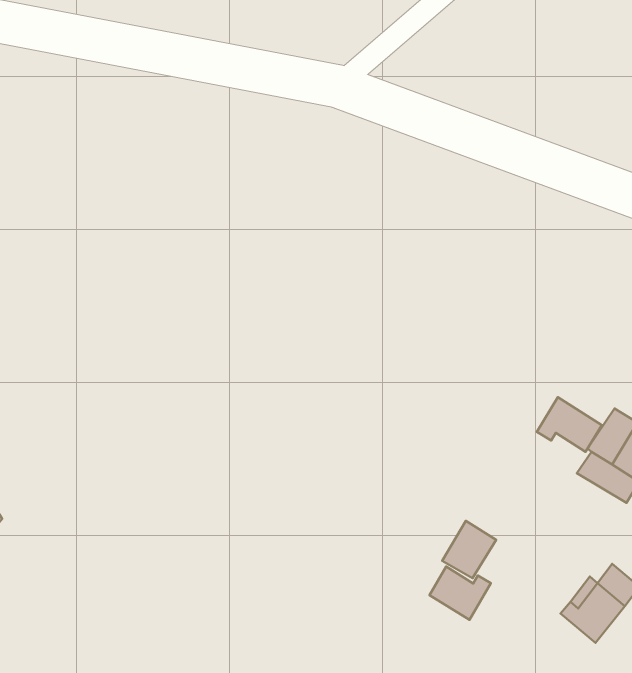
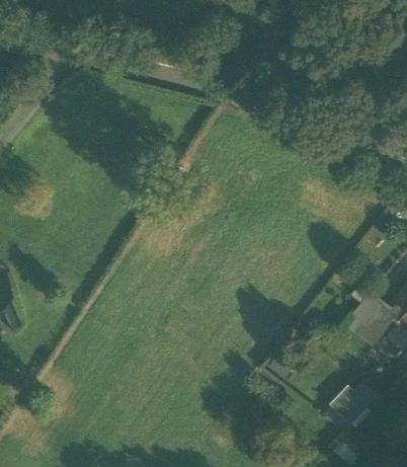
building: [537,397,602,452] -> none
building: [429,566,491,620] -> none

